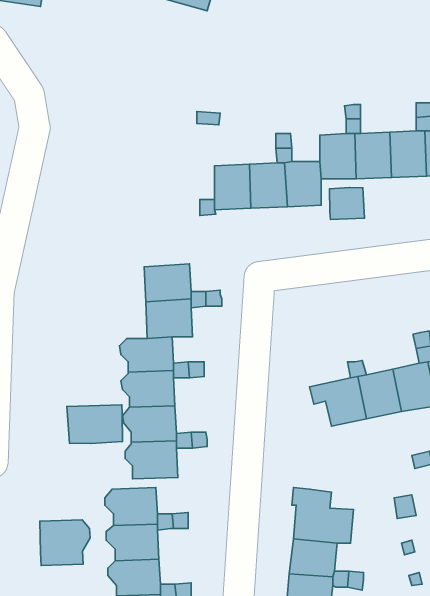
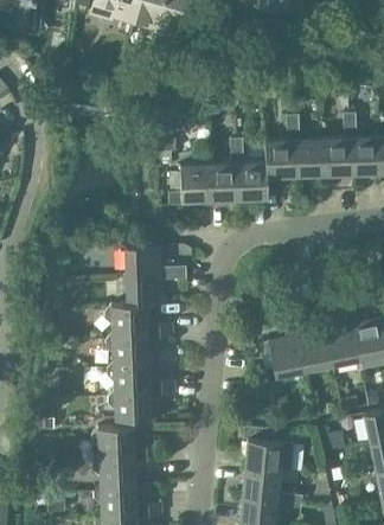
building: [330,187,365,219] -> none
building: [67,405,122,443] -> none
building: [40,520,90,566] -> none

